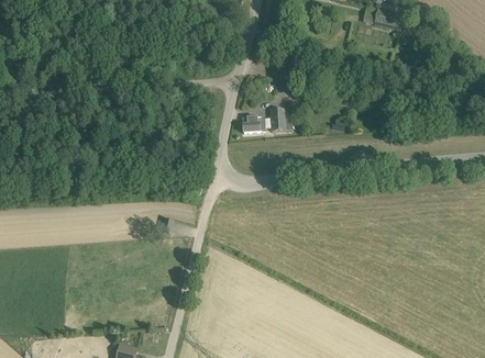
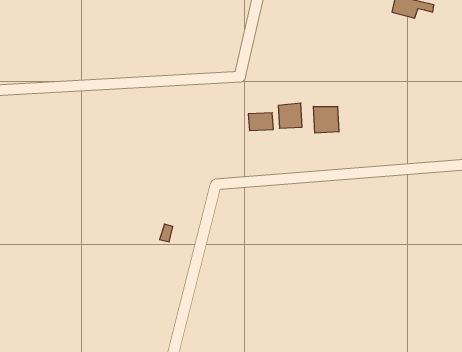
building: none -> [313,106,339,133]

